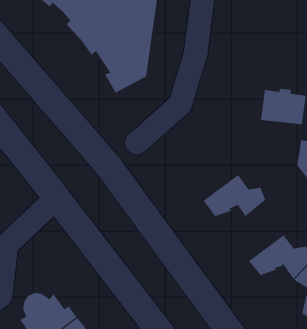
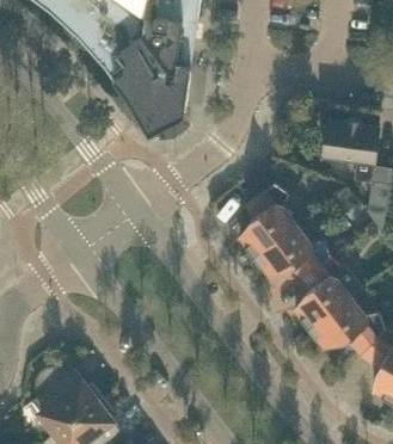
building: none -> [237,183,294,257]
building: none -> [291,255,360,329]

